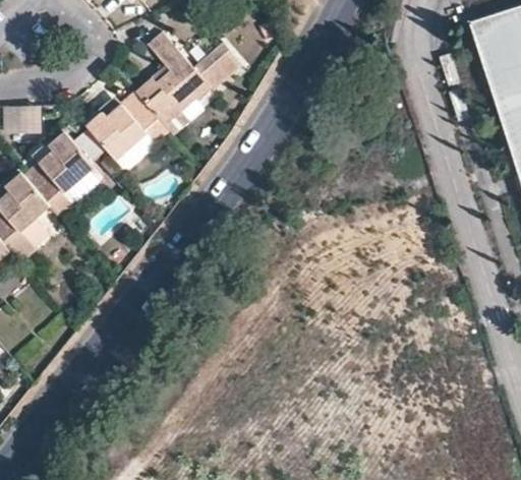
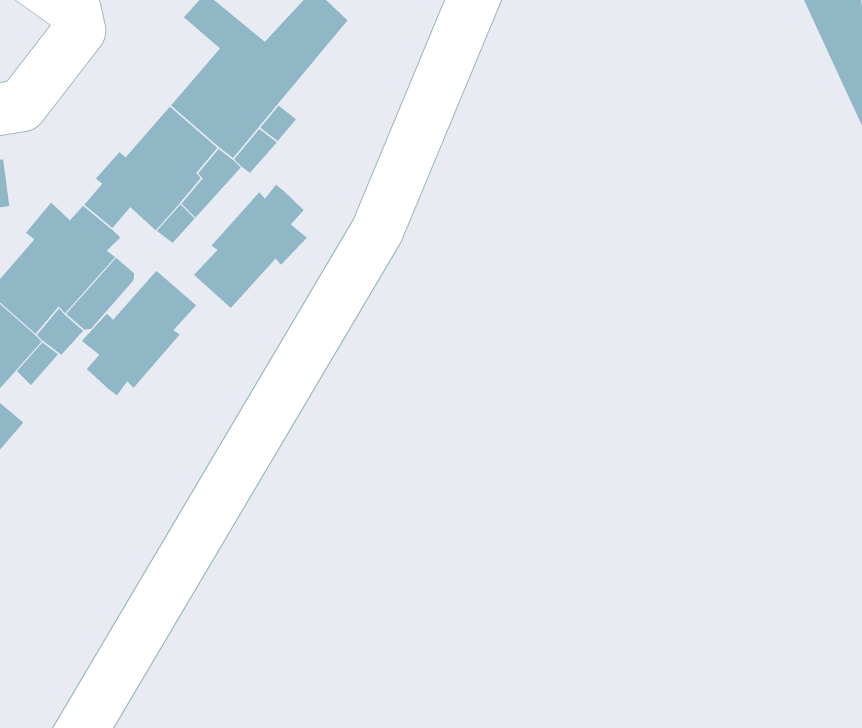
building: none -> [193,184,308,309]
building: none -> [81,270,197,397]

